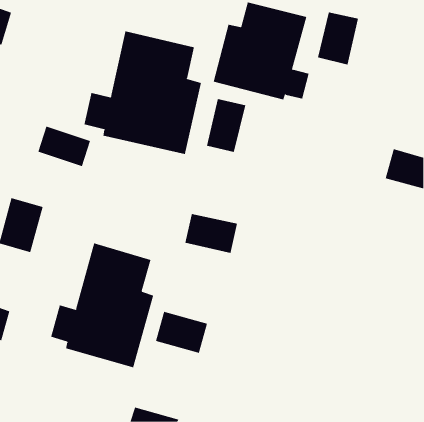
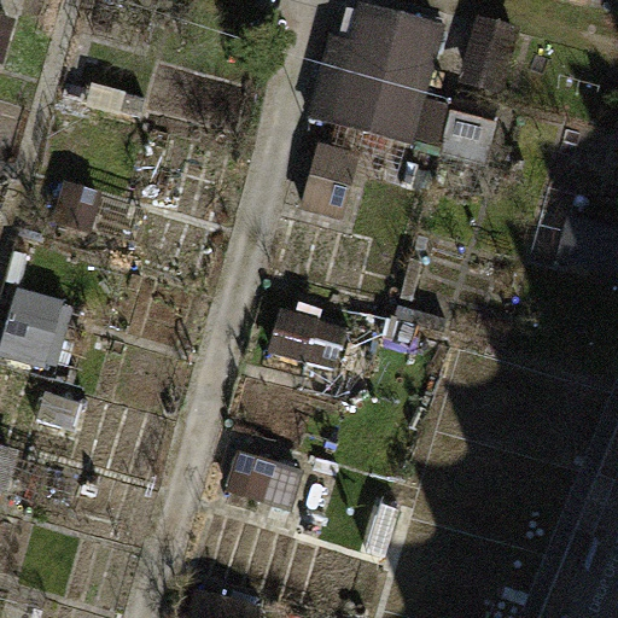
building: [84,30,202,155] -> none
building: [50,242,154,368] -> none

